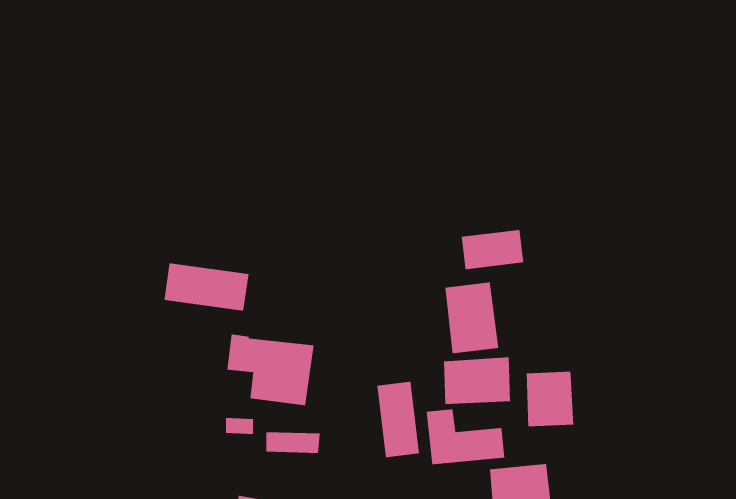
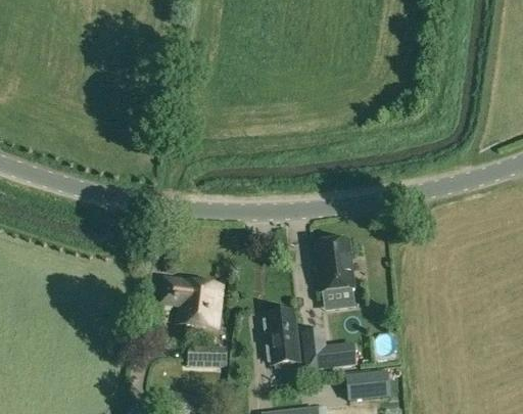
building: [461,229,524,270] -> none
building: [164,262,249,311] -> none
building: [526,371,574,427] -> none

